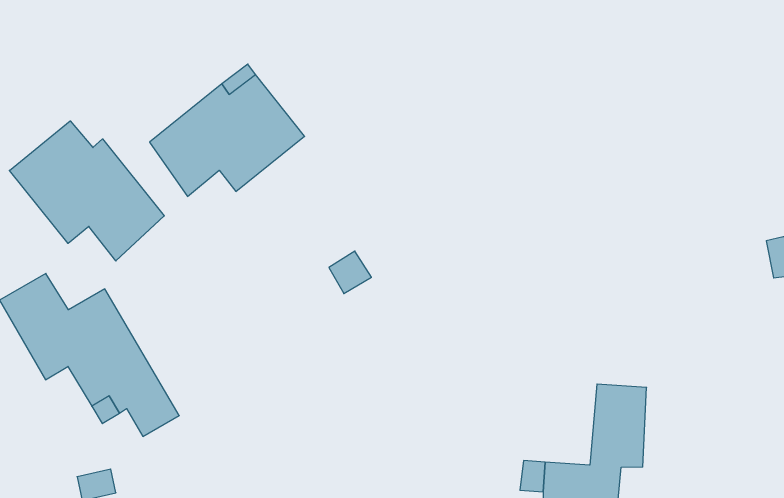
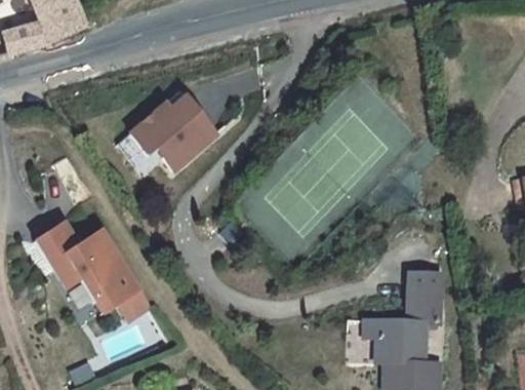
building: [9,121,164,261] -> none

